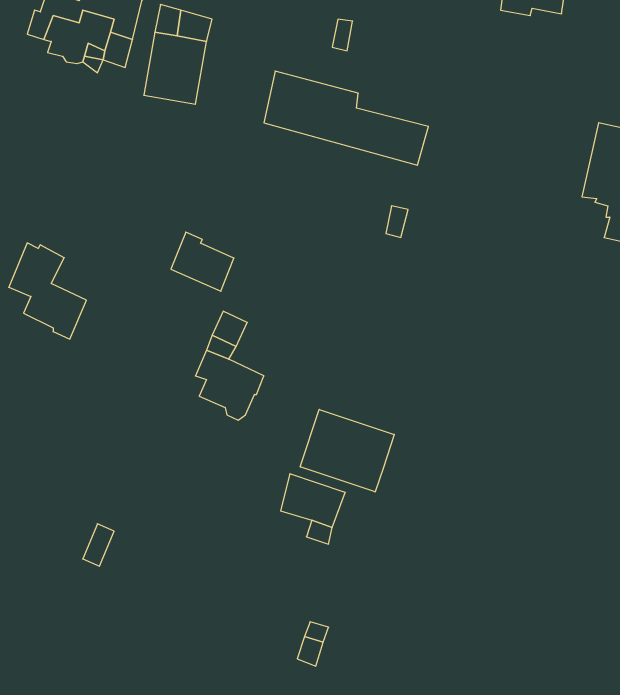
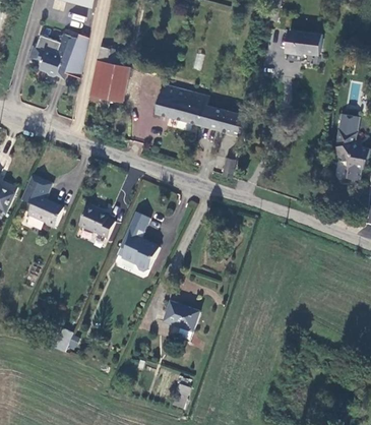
building: [171,232,234,291] -> [78,207,113,240]
building: [300,409,394,492] -> none

